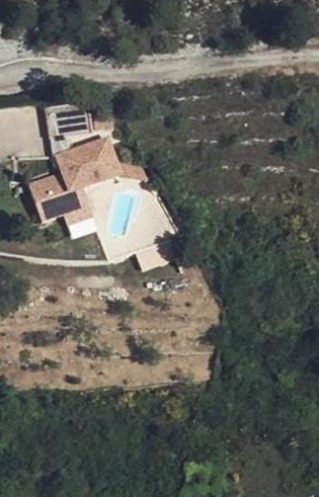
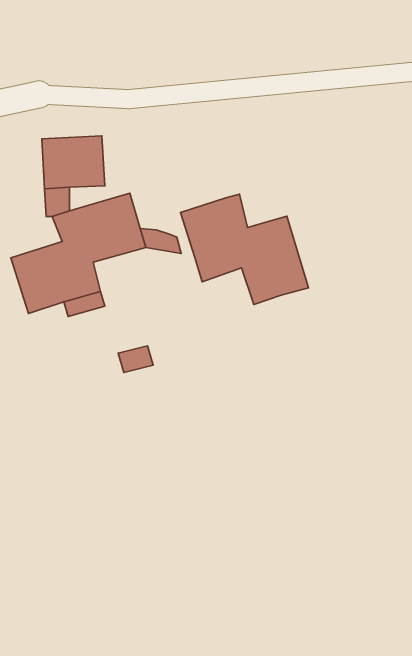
building: none -> [181,194,308,305]

